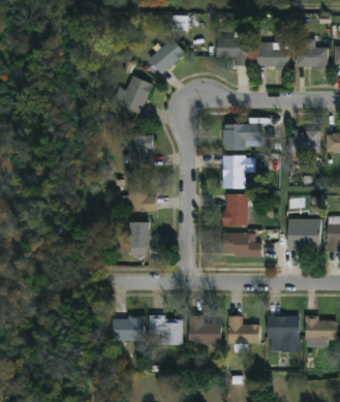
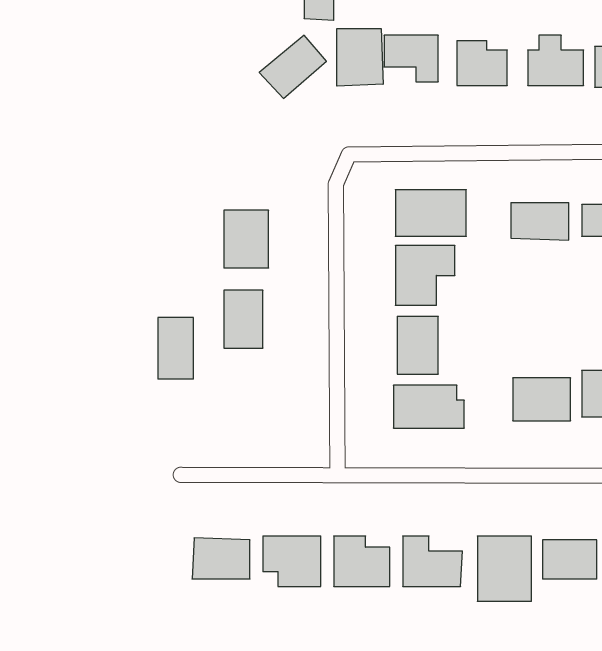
building: none -> [337,29,383,86]
building: [118,74,153,114] -> none
building: [130,222,150,256] -> [158,318,193,379]

